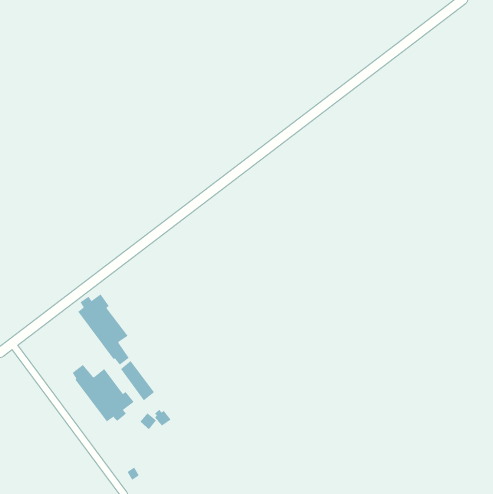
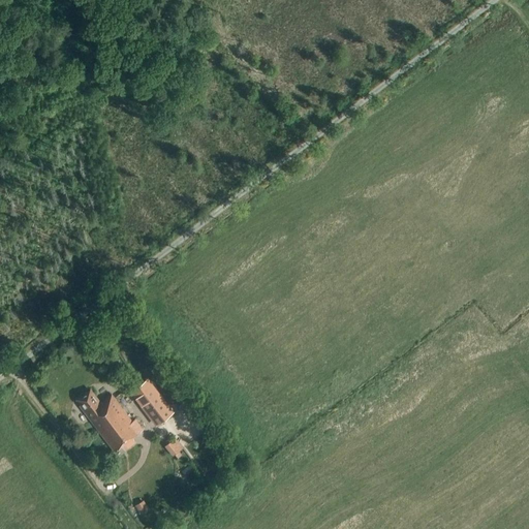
building: [77,293,130,365] -> none

